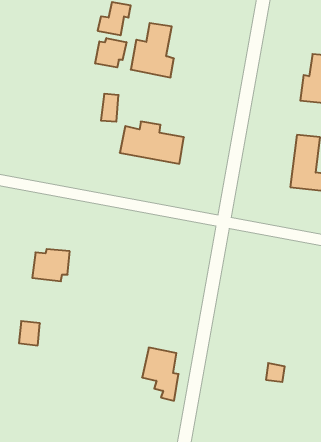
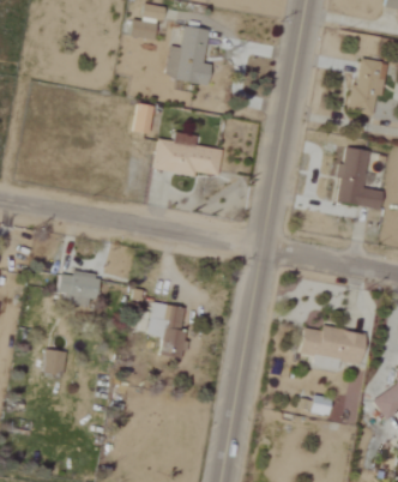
building: [95,38,126,67] -> none
building: none -> [300,326,364,370]
building: [142,348,179,401] -> [147,302,187,360]

